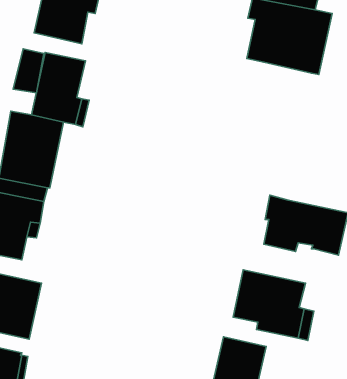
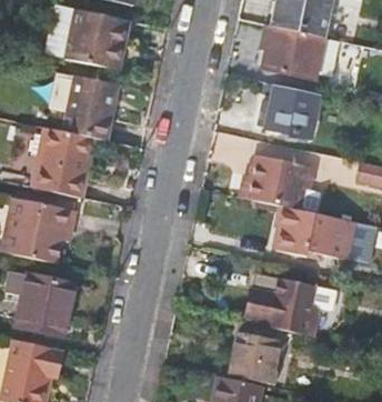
building: none -> [258,83,319,135]
building: none -> [238,153,312,209]

